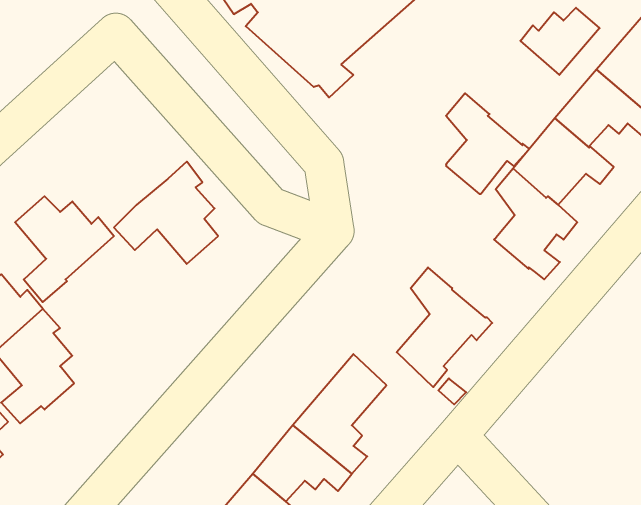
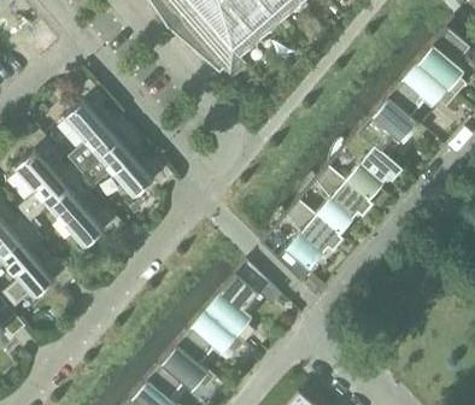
building: [520,8,600,75] -> none
building: [446,93,529,194] -> [316,164,374,234]
building: none -> [61,98,131,171]
building: none -> [47,177,102,247]

